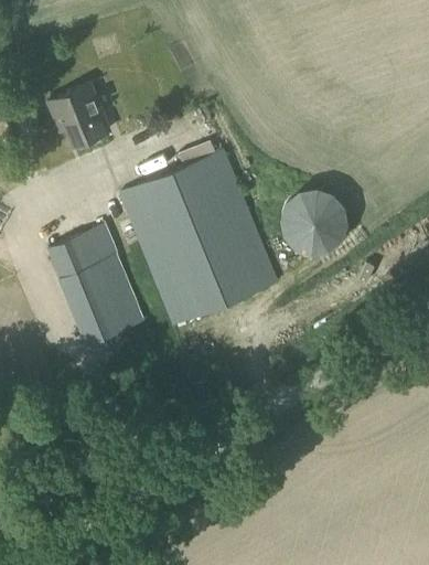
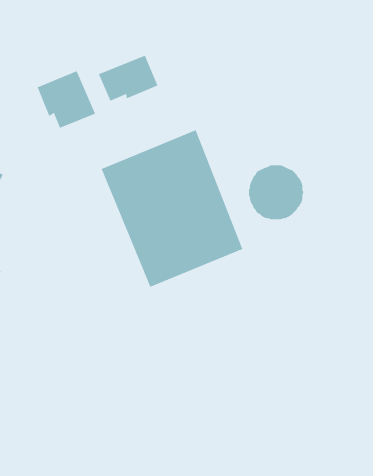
building: none -> [98,55,158,101]
building: [47,224,147,349] -> none

